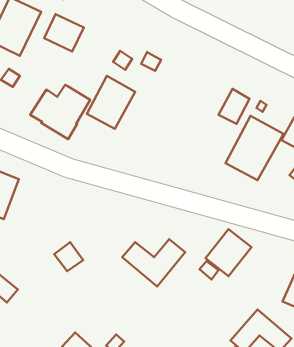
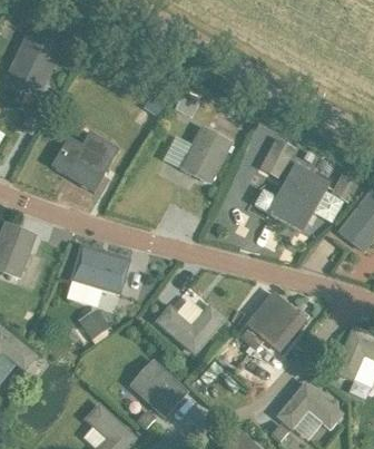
building: [44,14,84,51] -> none
building: [87,76,135,129] -> [180,125,234,184]
building: none -> [72,244,130,294]
building: none -> [128,357,187,414]

